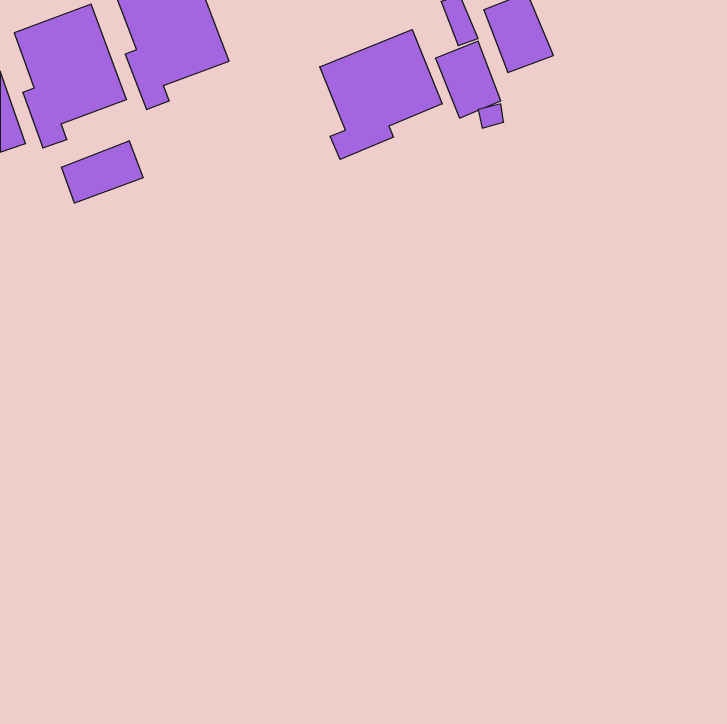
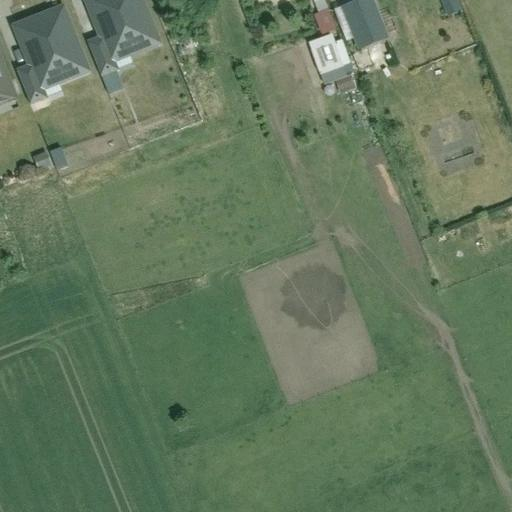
building: [320,30,442,159] -> none
building: [61,141,143,203] -> none

